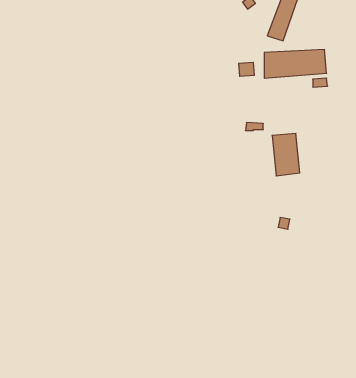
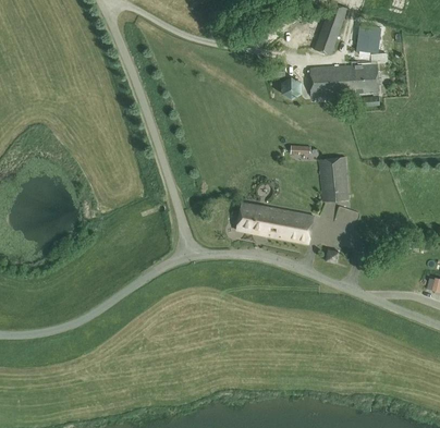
building: none -> [359,25,381,52]
building: none -> [236,201,314,243]

